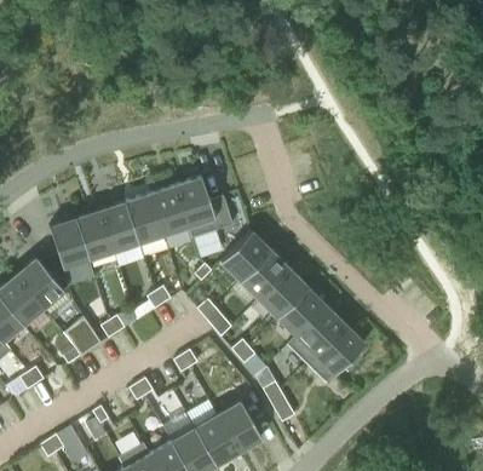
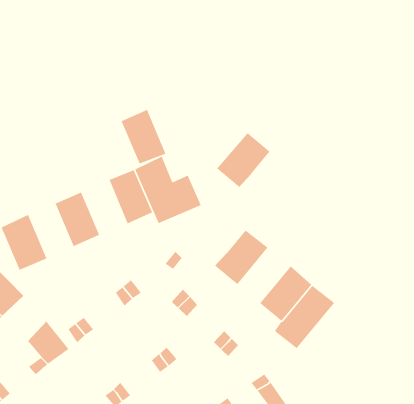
building: [125,194,163,243] -> [120,109,166,165]
building: [75,211,113,260] -> none
building: [219,231,270,281] -> [216,132,271,188]
building: [258,269,307,318] -> none
building: [306,324,364,383] -> none

